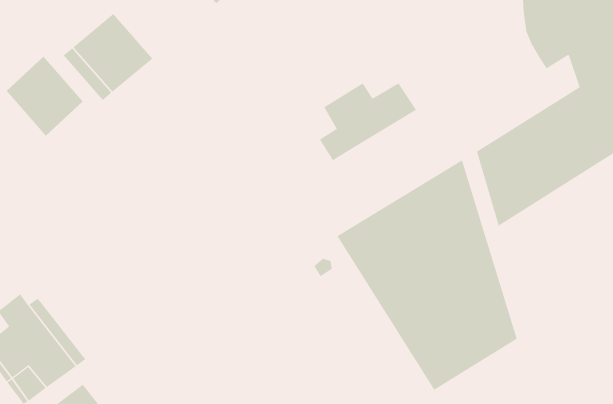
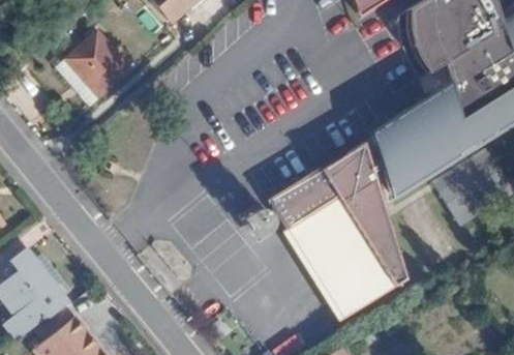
building: [6,56,84,136] -> none
building: [319,82,417,161] -> none

